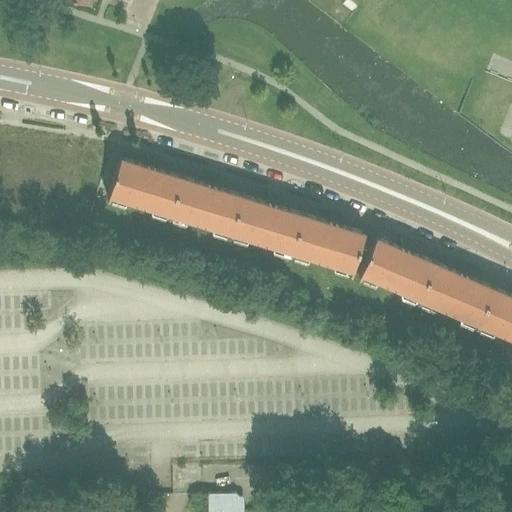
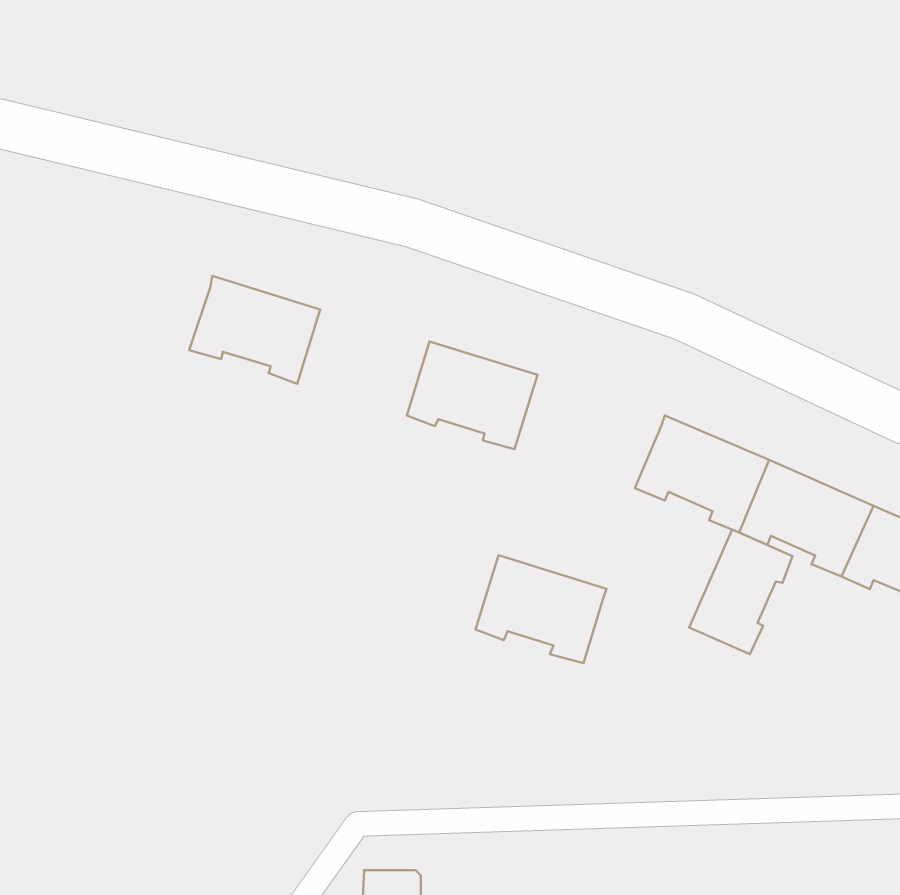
building: [170,180,245,240] -> none
building: [293,217,367,278] -> [476,555,606,663]
building: none -> [689,529,793,654]

